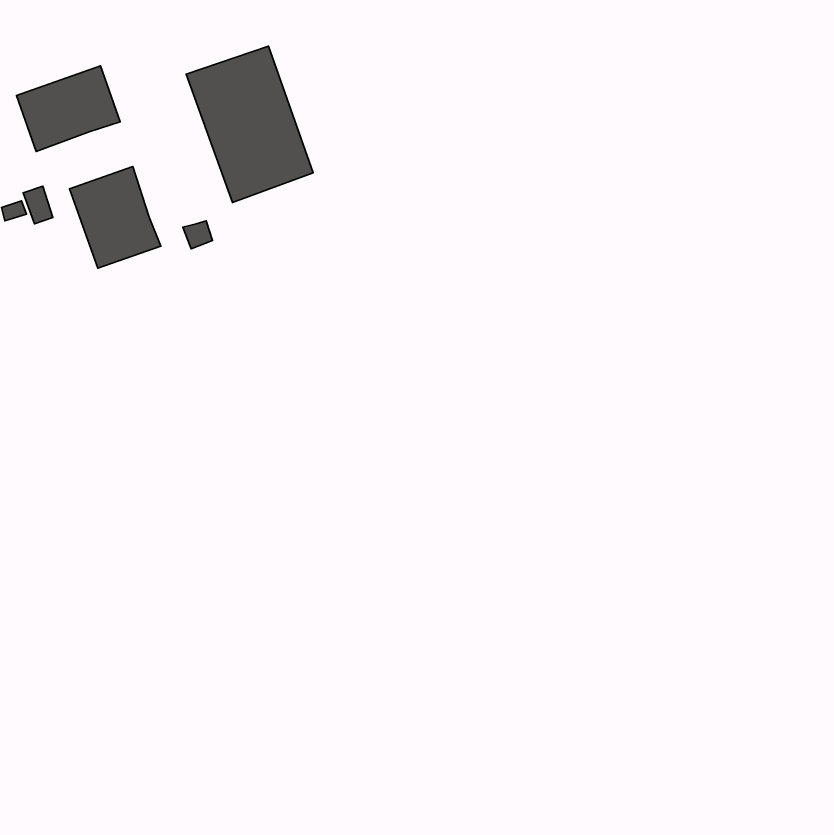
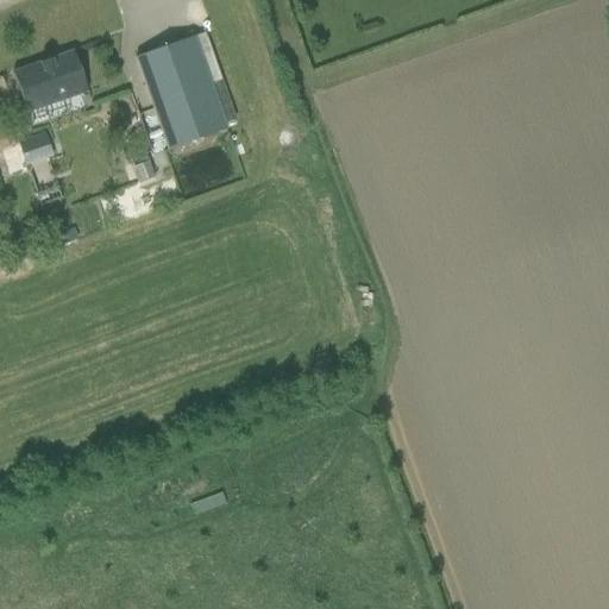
building: [70,167,161,268] -> none

